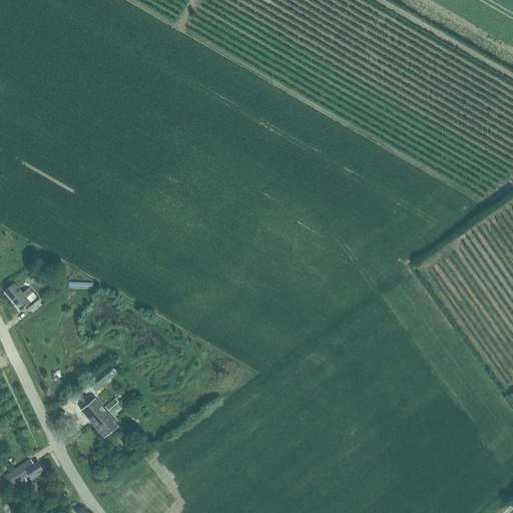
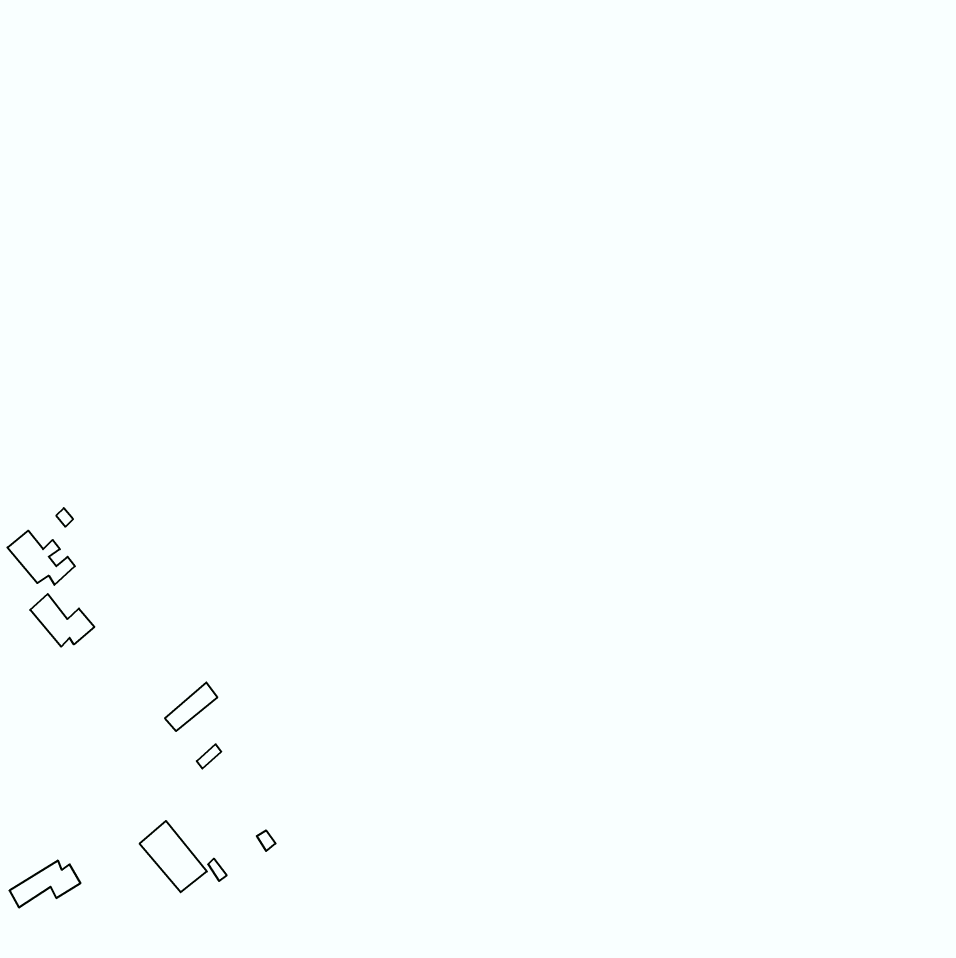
building: none -> [30,594,94,647]
building: [82,399,118,437] -> [140,821,207,892]

